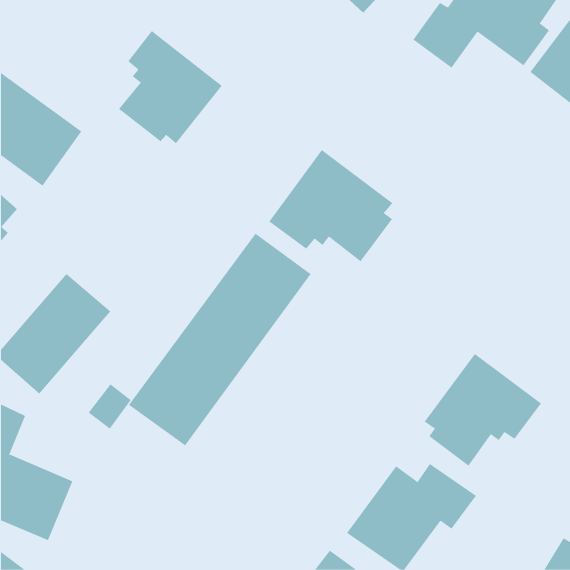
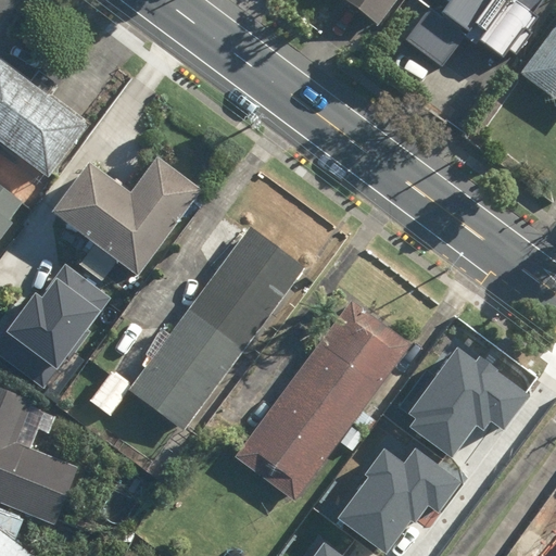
building: [118,30,223,144] -> none
building: [269,149,393,262] -> none
building: none -> [49,156,199,278]
building: none -> [230,301,410,502]

